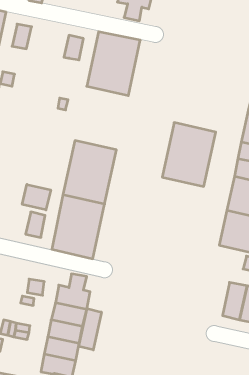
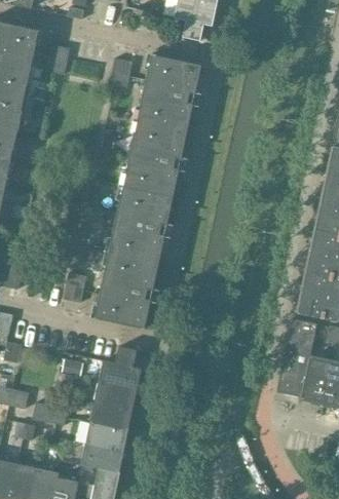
building: [162,123,216,186] -> [122,120,187,197]
building: [22,184,51,210] -> none
building: none -> [278,319,316,397]
building: [79,309,101,350] -> none

